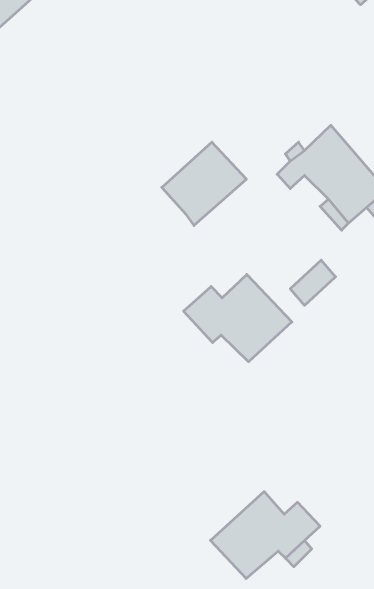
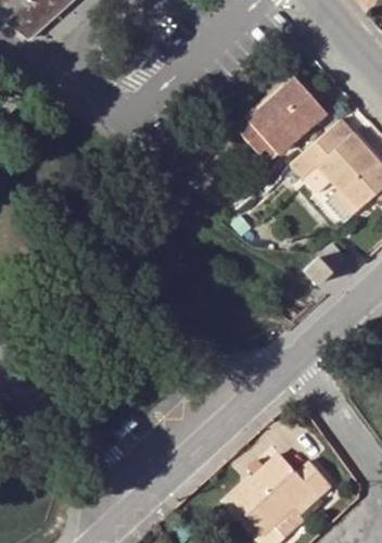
building: [162,142,246,226] -> [247,78,324,154]
building: [184,274,292,362] -> none

